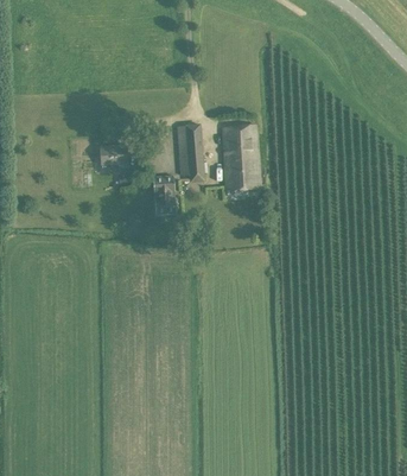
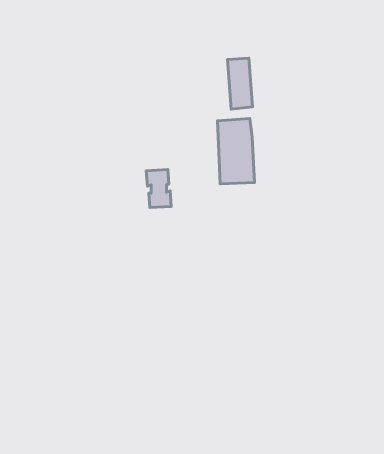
building: [178,125,203,176] -> [228,58,253,109]
building: [100,145,128,167] -> none

